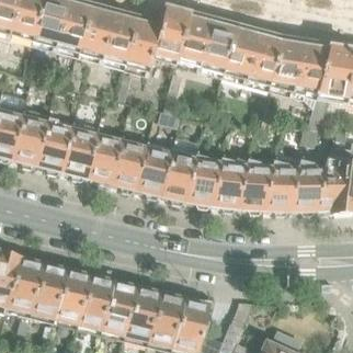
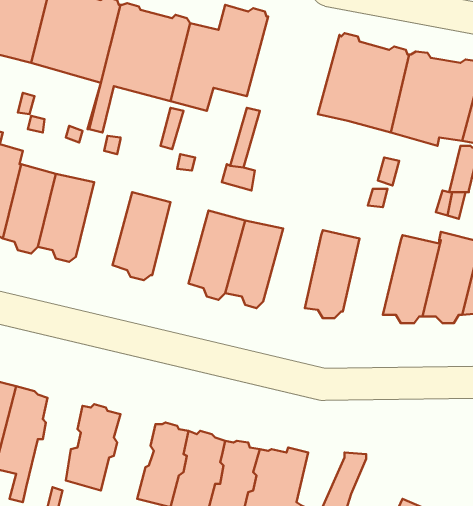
building: [173,11,235,77] -> none
building: [60,122,98,181] -> none
building: [111,135,148,193] -> none
building: [184,151,223,209] -> none
building: [237,153,275,214] -> none
building: [30,263,65,319] -> none
building: [77,275,113,331] -> none

